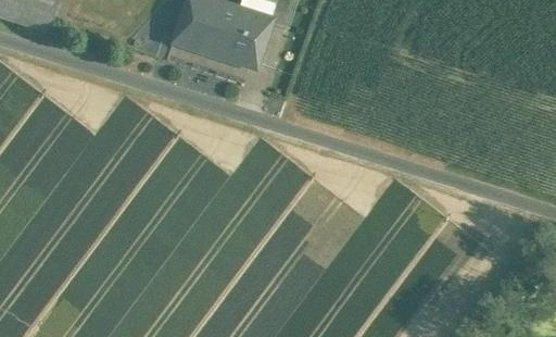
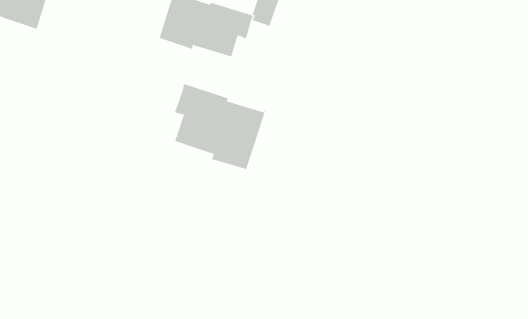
building: none -> [174,84,266,170]

